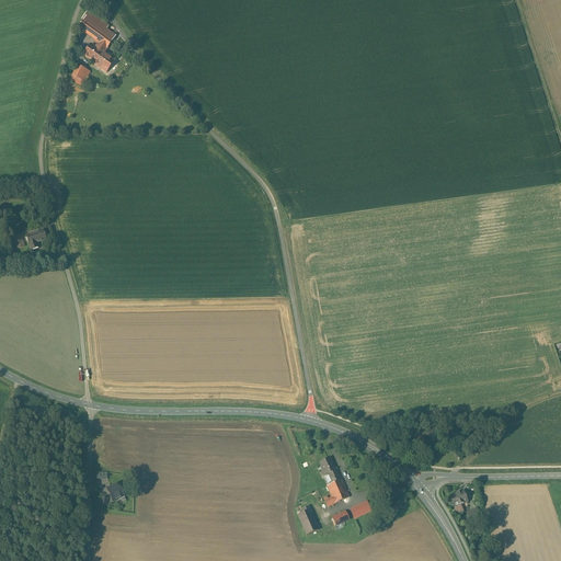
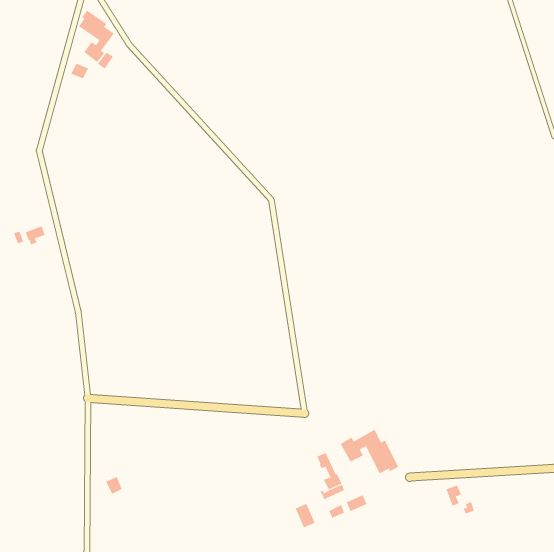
building: none -> [340,429,399,474]

